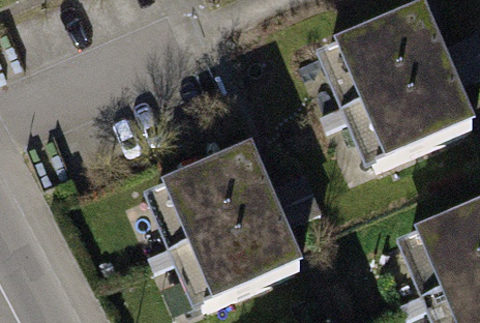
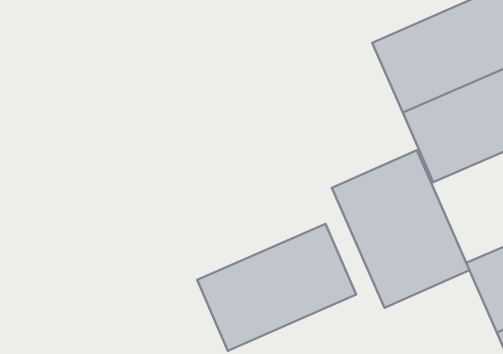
building: none -> [332,150,470,308]
building: [144,141,279,247] -> none

